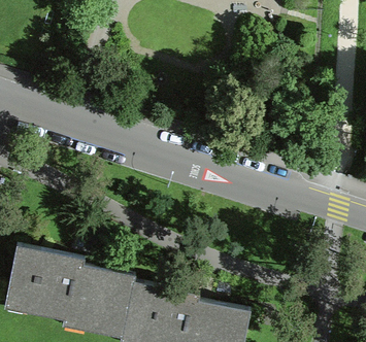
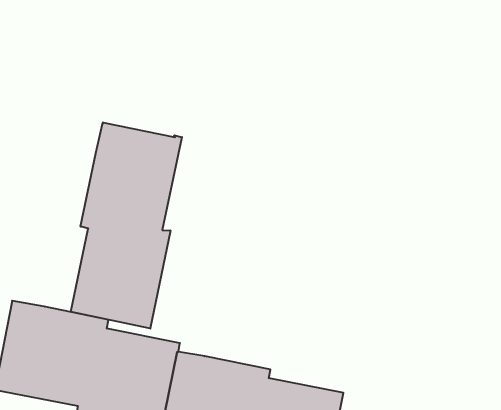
building: none -> [71,122,182,329]

